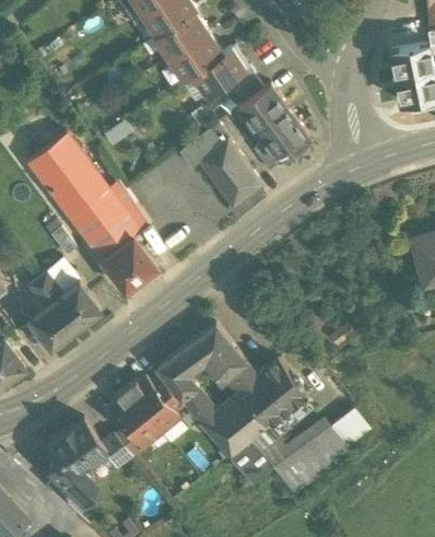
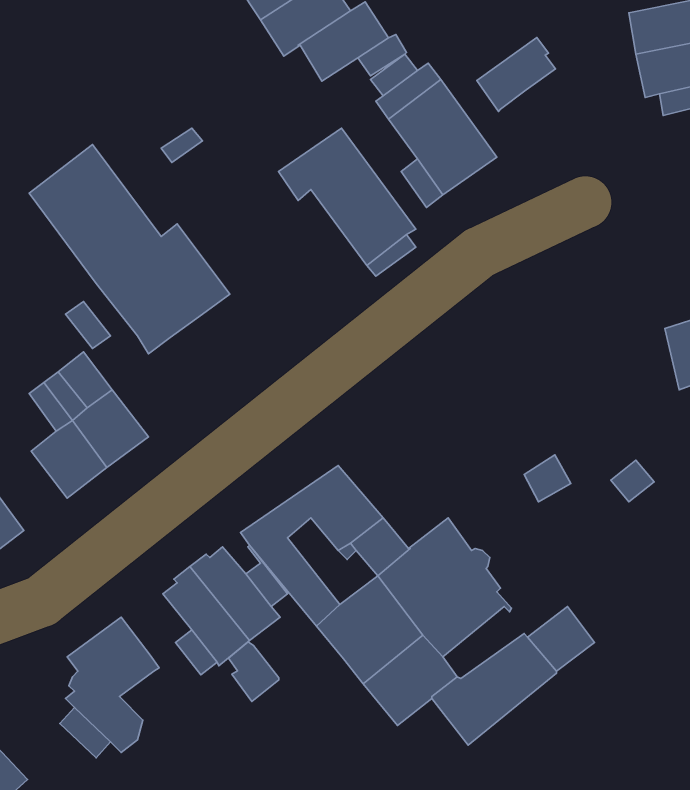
building: none -> [477,37,555,112]
building: [99,235,156,291] -> none
building: [101,432,131,468] -> [228,642,279,701]

